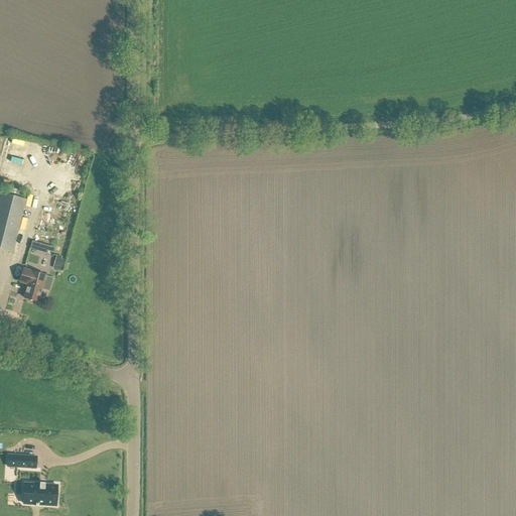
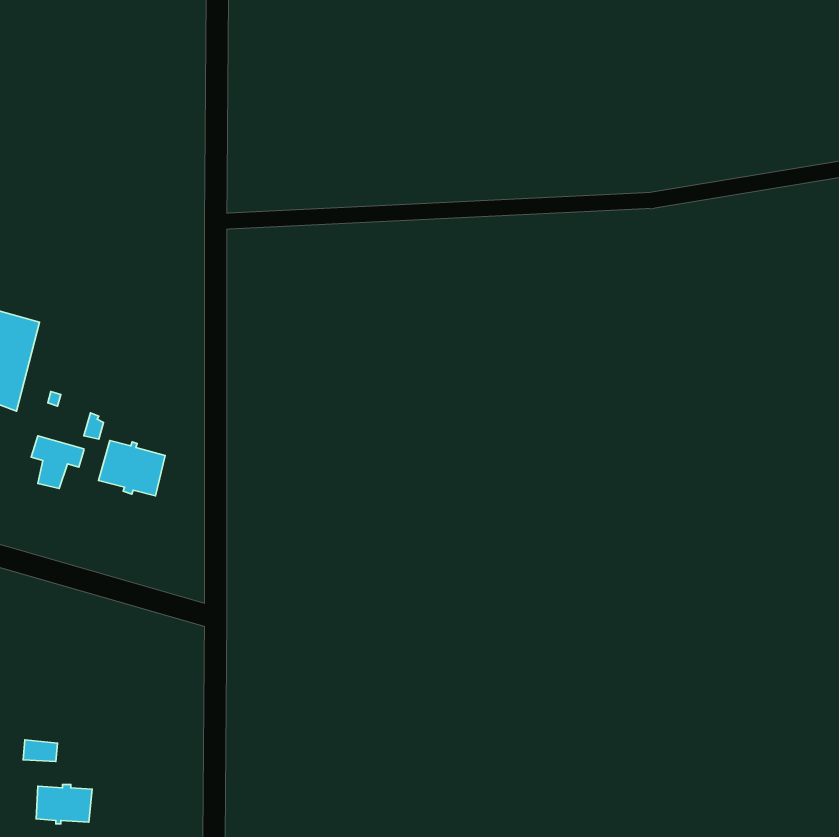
building: none -> [99,441,165,496]

